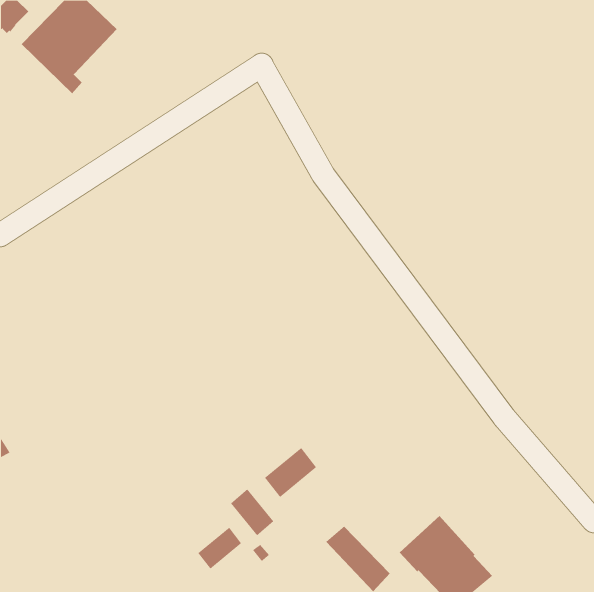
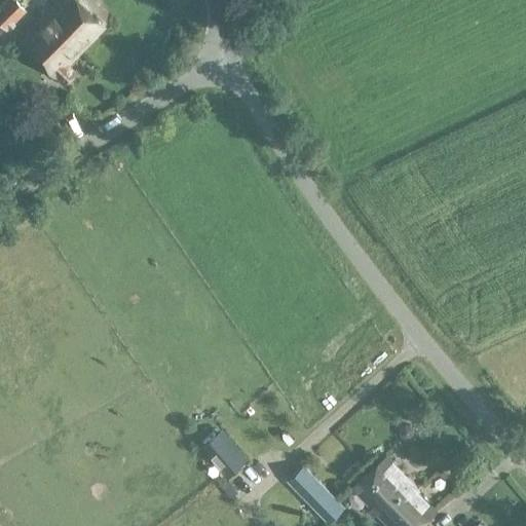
building: [264,447,317,498] -> none
building: [198,527,242,569] -> none

